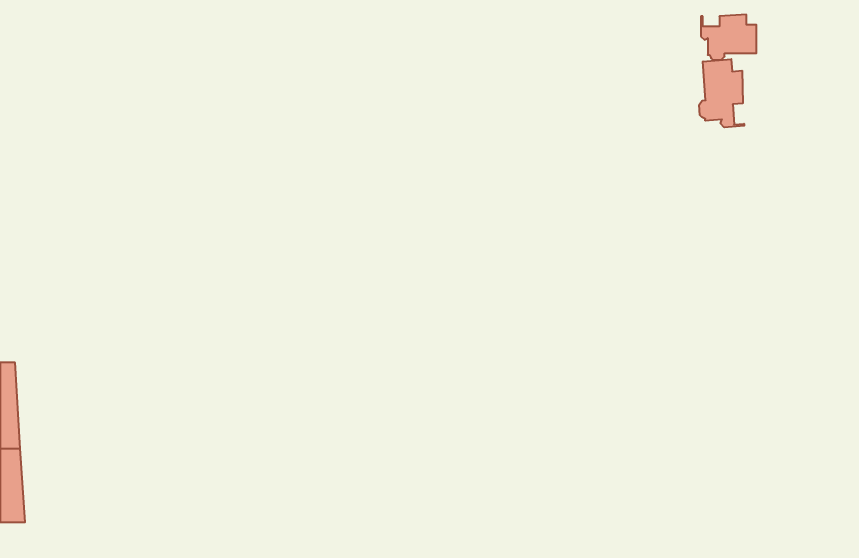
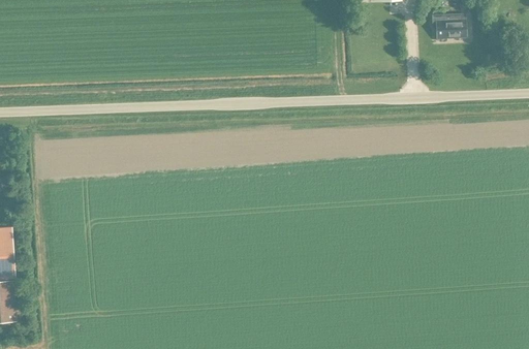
building: [699,59,744,127] -> none

